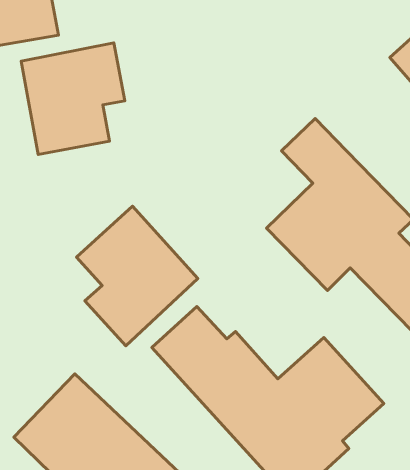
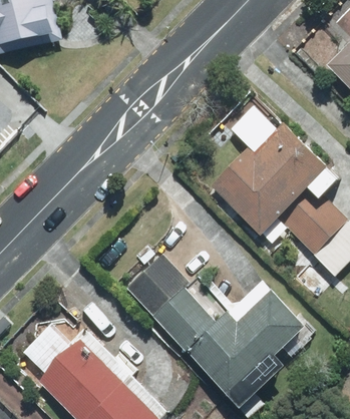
building: [21,43,125,155] -> none
building: [77,206,198,346] -> none

